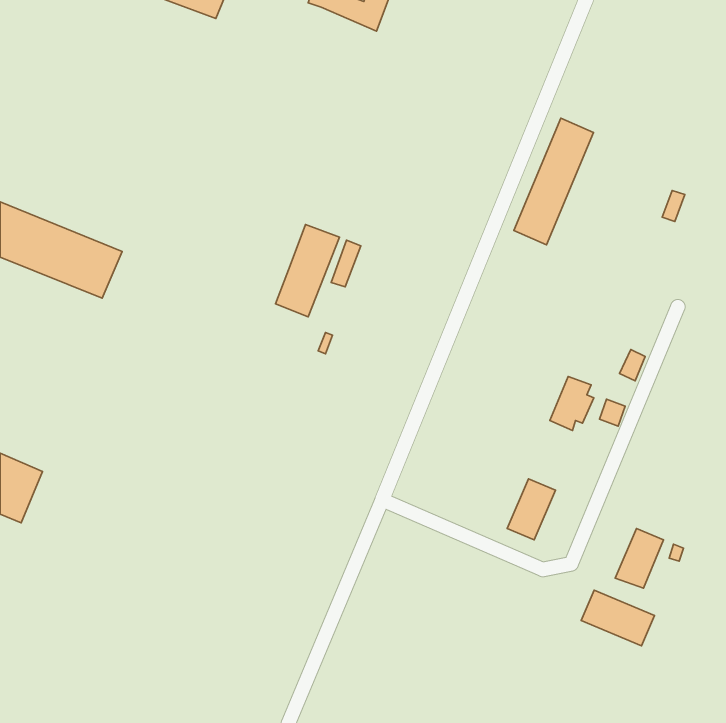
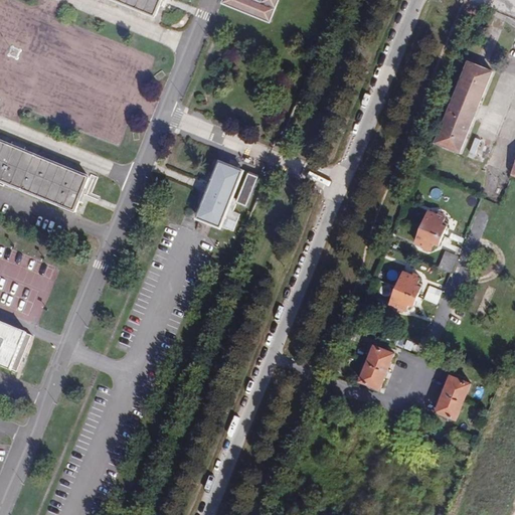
building: [514,118,593,245] -> [435,58,491,148]
building: none -> [414,206,446,244]
building: [581,590,655,646] -> none

